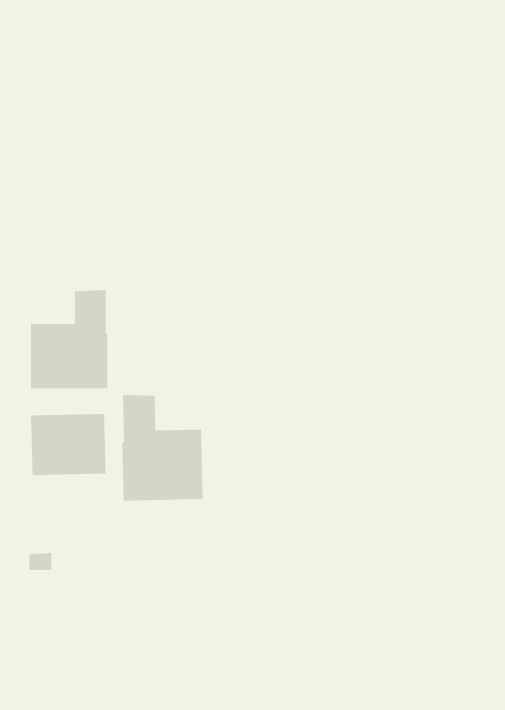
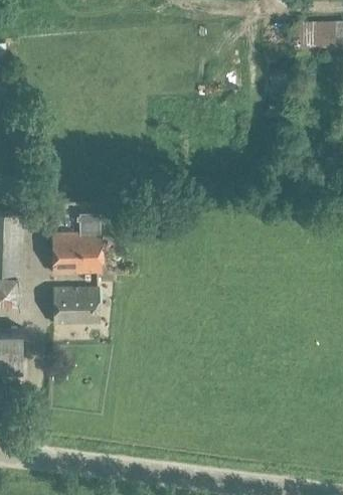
building: [121,394,204,501] -> none

